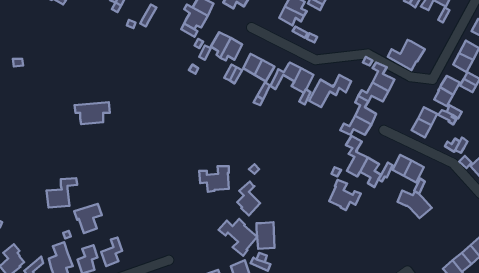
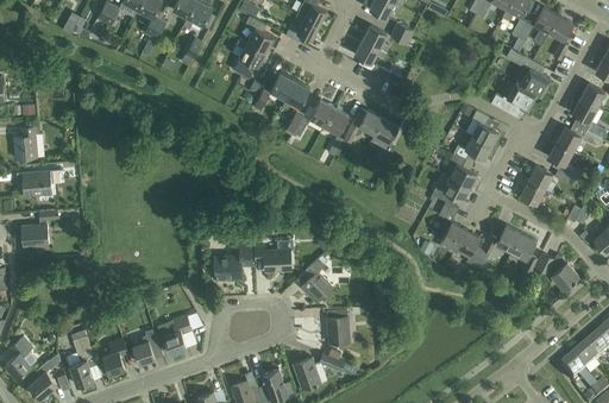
building: none -> [504,48,550,95]
building: [309,75,351,107] -> none
building: none -> [13,126,43,158]
building: [75,102,110,124] -> [15,168,59,195]
building: none -> [214,243,252,278]
building: [47,178,77,208] -> [20,209,58,246]
building: [329,180,361,210] -> none
building: [398,191,432,218] -> [535,253,578,288]
building: [74,204,102,233] -> [157,315,192,352]
building: [219,219,257,256] -> none

